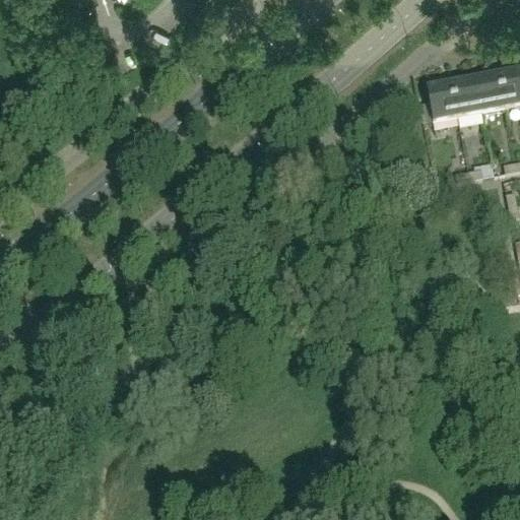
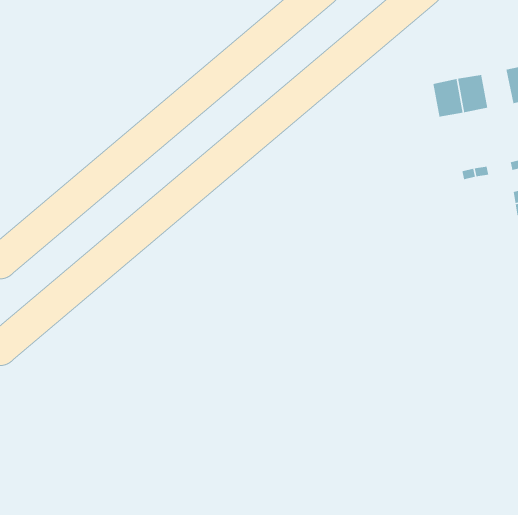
building: [483,68,514,107] -> none

